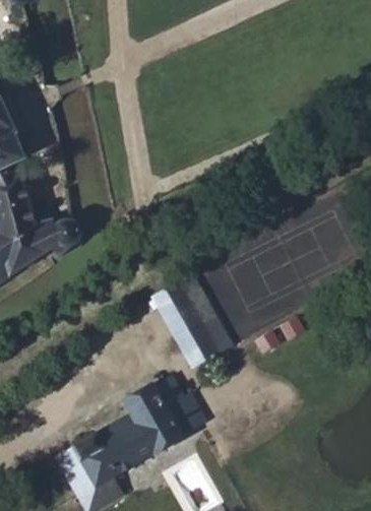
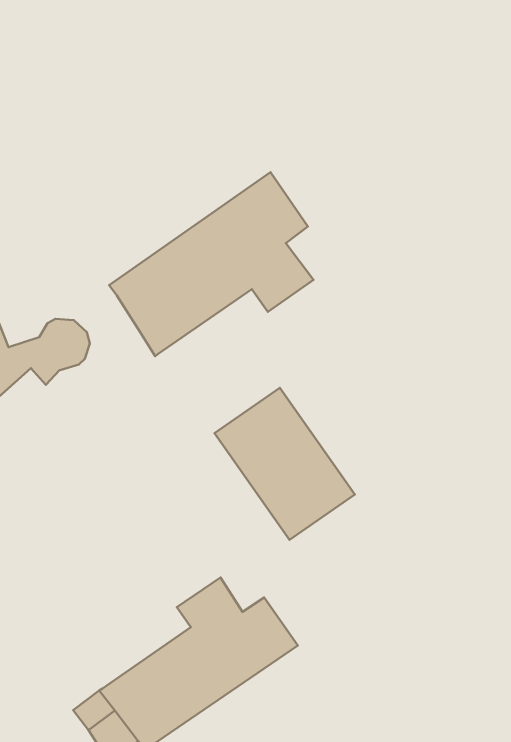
building: none -> [109,172,313,356]

